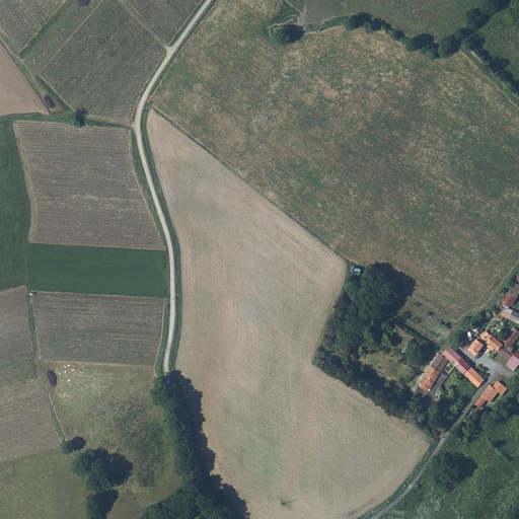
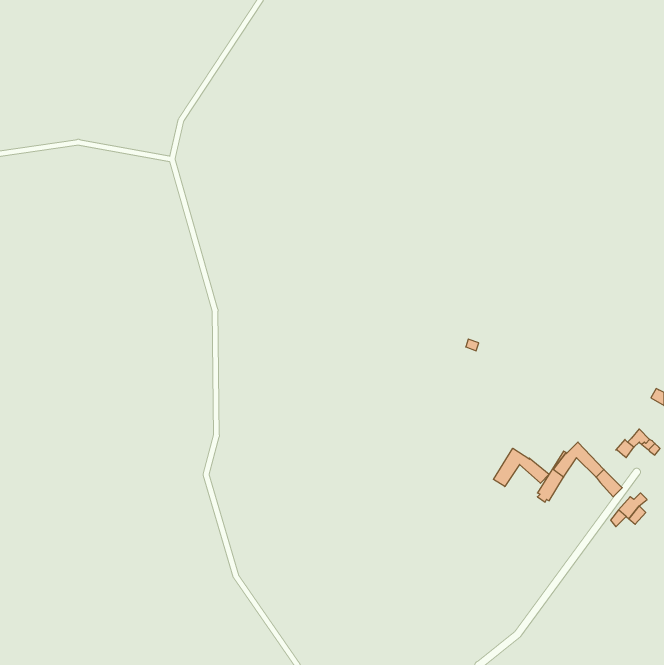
building: none -> [493,448,549,487]

